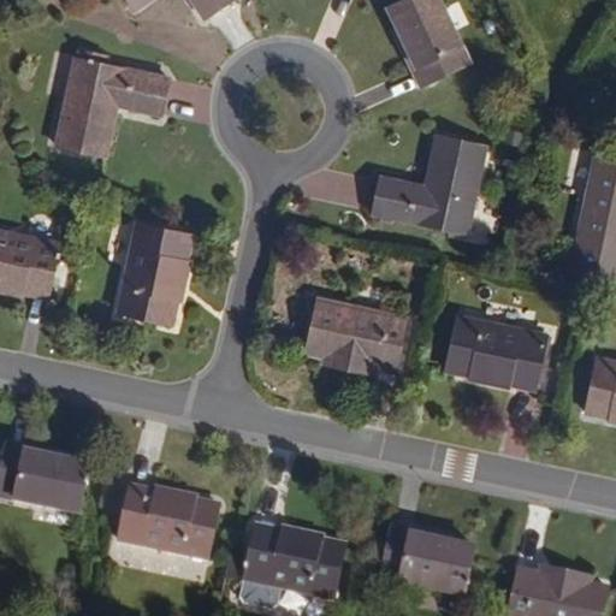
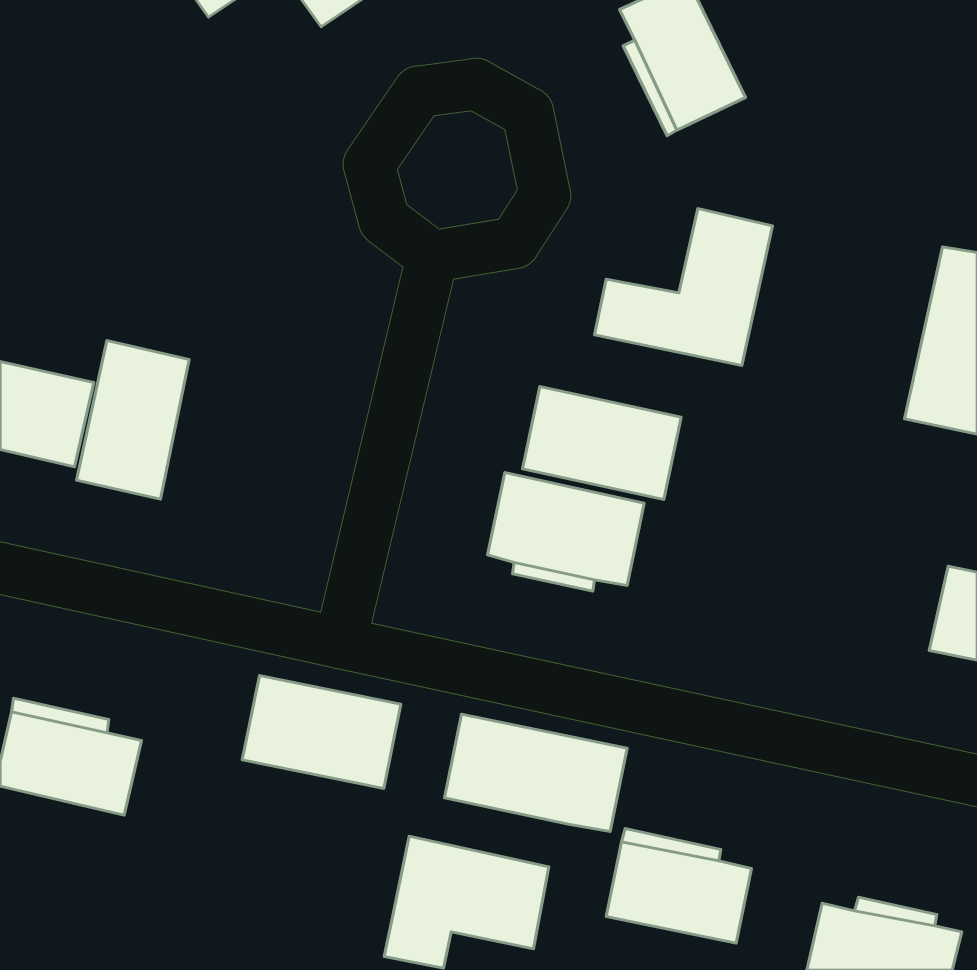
building: [57,66,168,164] -> none
building: [120,221,191,321] -> [76,341,189,499]
building: [446,315,546,386] -> [522,387,681,499]
building: none -> [444,714,627,832]
building: [118,486,218,557] -> [242,676,401,788]

